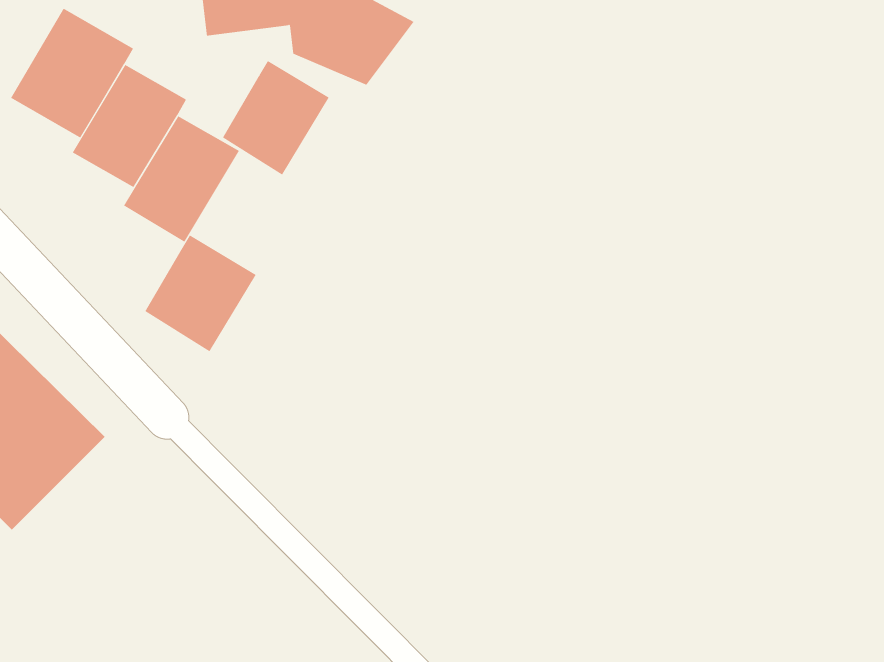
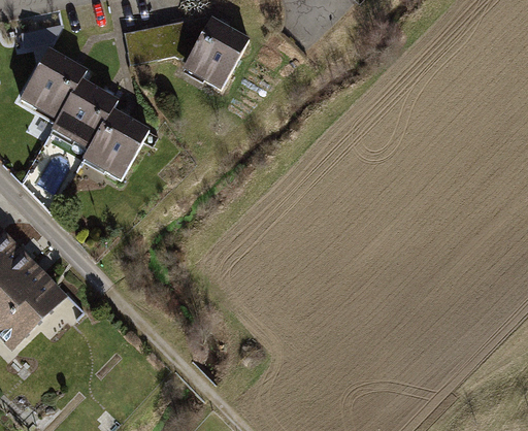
building: [222,60,329,175] -> none
building: [144,234,257,352] -> none

